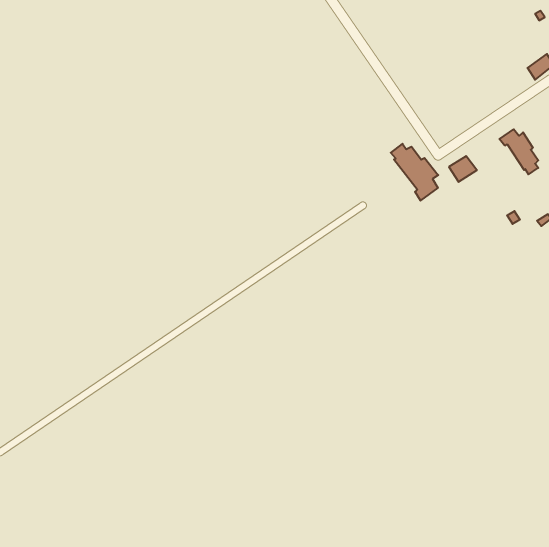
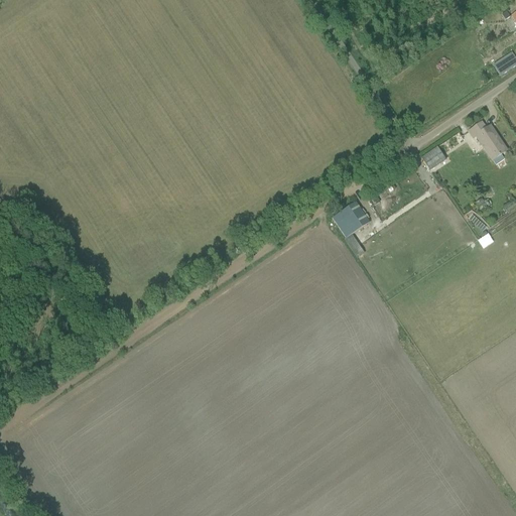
building: [391,144,438,201] -> none
building: none -> [335,202,369,236]

